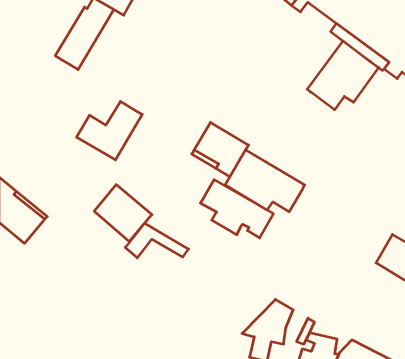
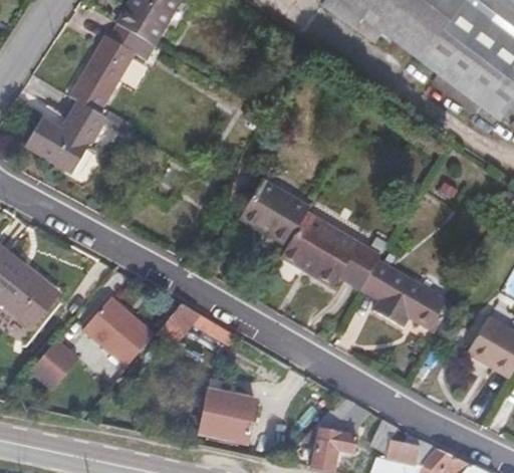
building: [307,41,379,110] -> none
building: [77,101,142,160] -> [24,100,105,173]
building: [200,180,273,238] -> [359,259,450,331]
building: [94,185,152,241] -> [83,297,155,368]
building: none -> [26,342,69,387]
building: none -> [200,391,255,442]

